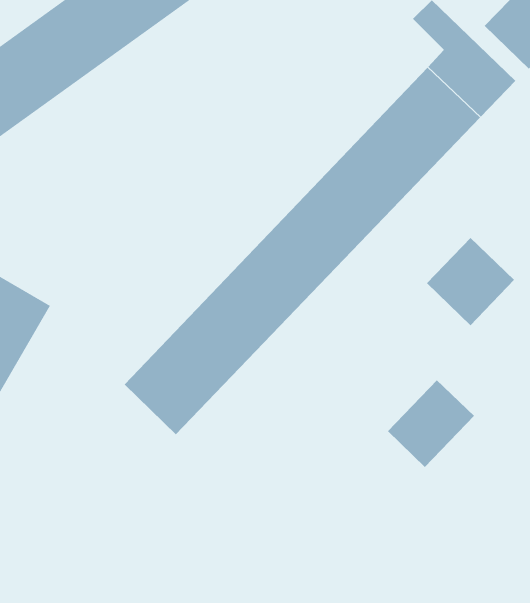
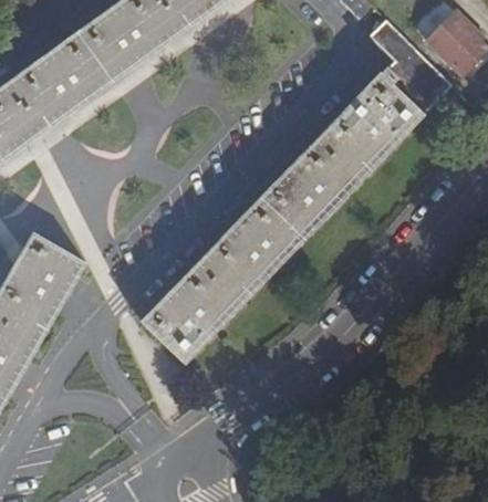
building: [426,237,515,326] -> none
building: [387,379,475,468] -> none

